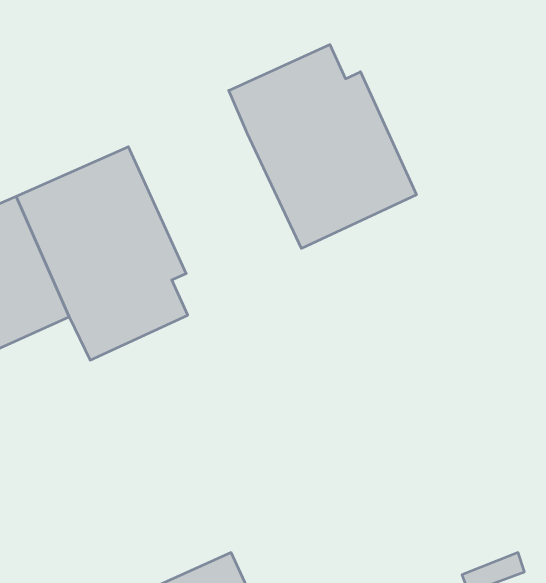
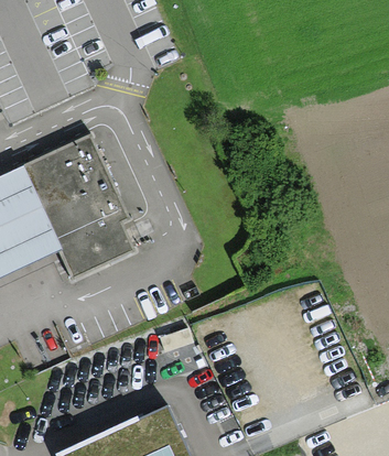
building: [229,45,416,248] -> none

